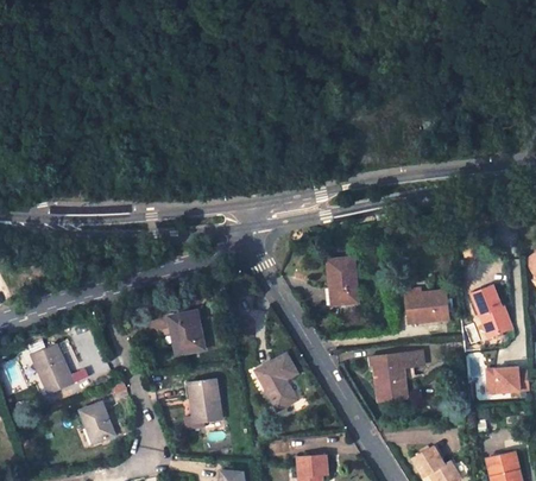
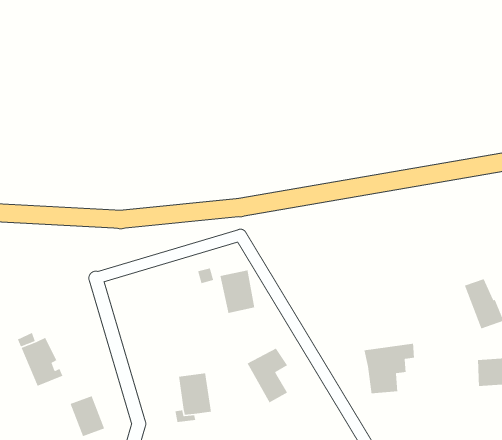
building: [328,257,357,304] -> none
building: [405,289,448,323] -> none
building: [168,310,203,354] -> [219,270,255,314]

